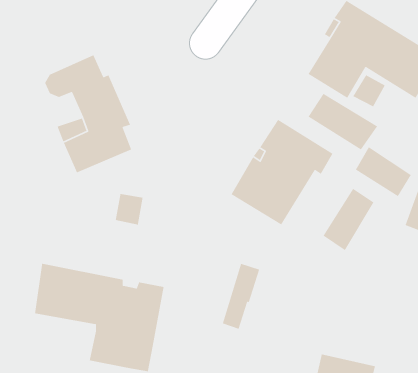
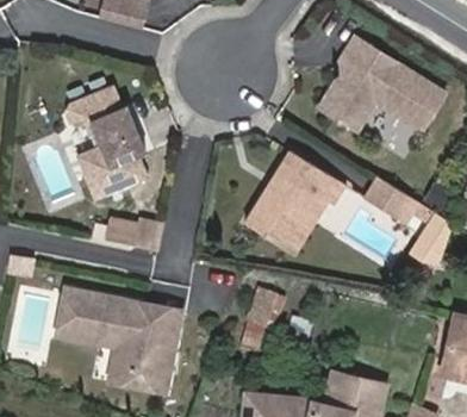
building: [308,93,378,151] -> none
building: [323,188,375,251] -> none

